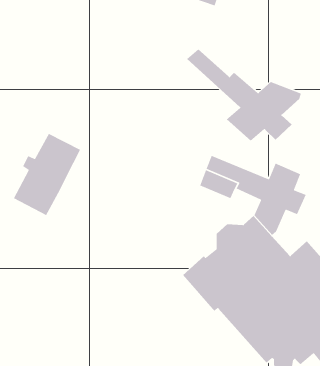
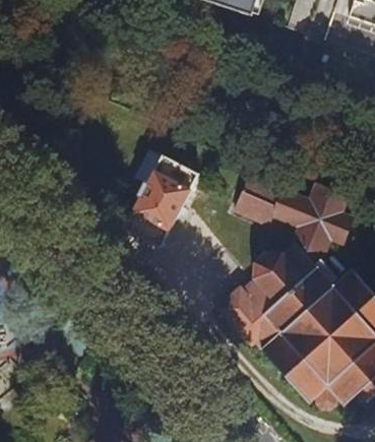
building: [186,49,302,142] -> none
building: [13,133,81,216] -> [124,154,198,245]

